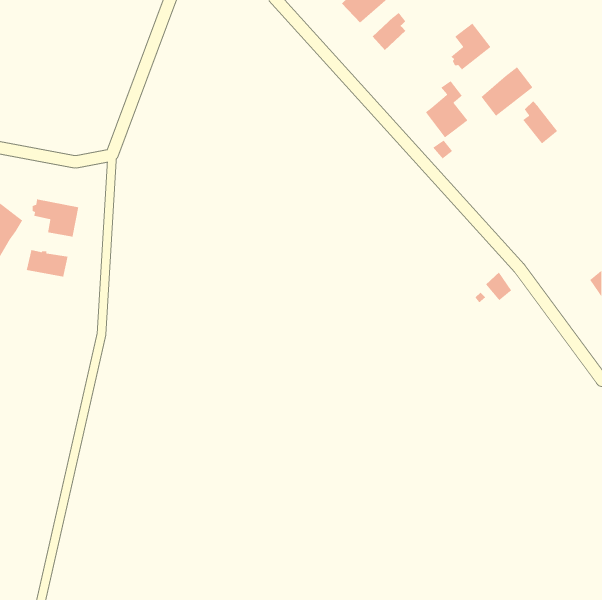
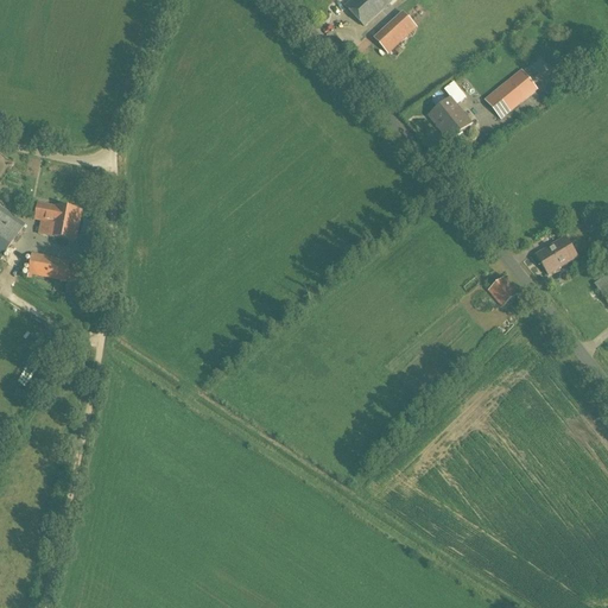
building: [451,22,492,71] -> none
building: [522,100,558,145] -> none
building: none -> [536,235,576,272]

